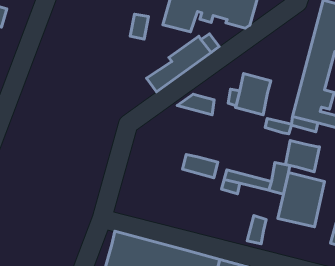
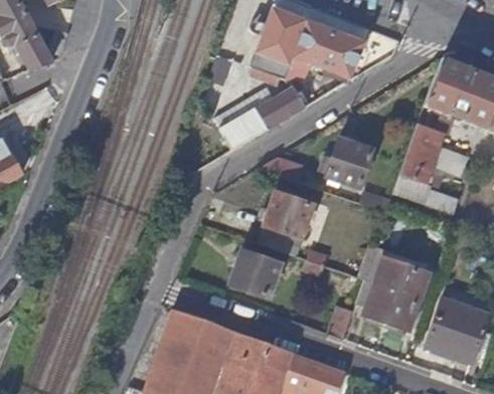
building: none -> [265,190,312,236]
building: [285,140,319,172] -> none
building: none -> [229,248,282,297]

